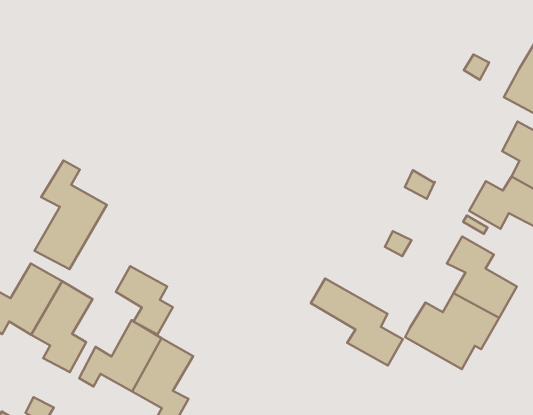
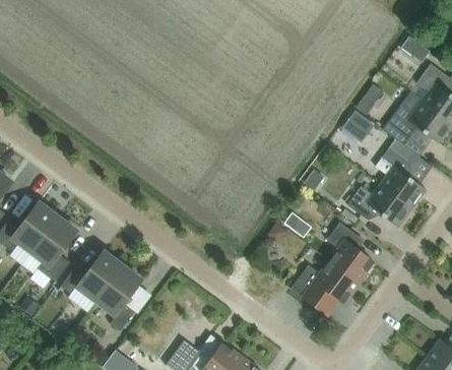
building: none -> [342,110,375,141]
building: [35,161,107,269] -> none
building: [116,266,173,334] -> none
building: [311,278,403,366] -> none

